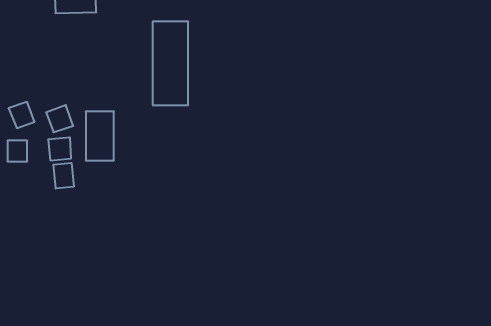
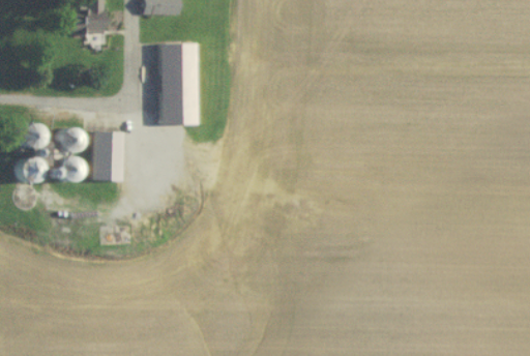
building: [53,163,74,189] -> none

